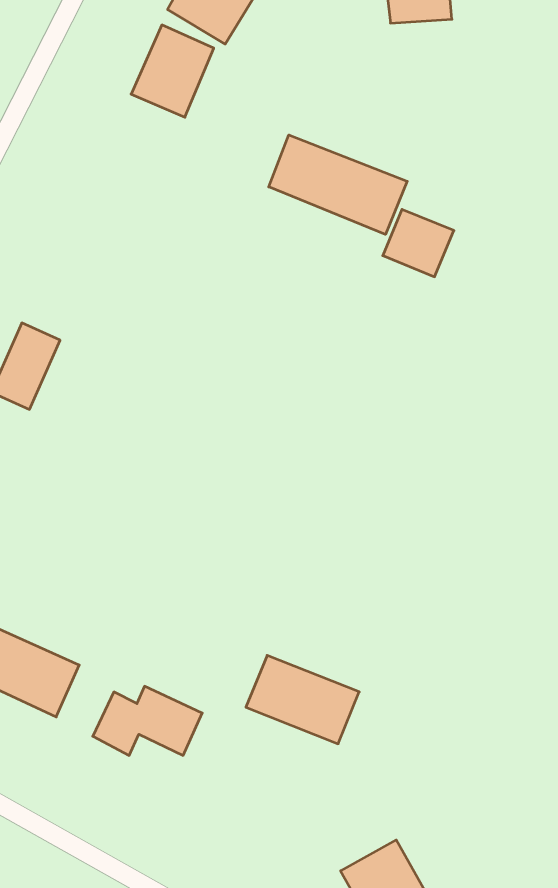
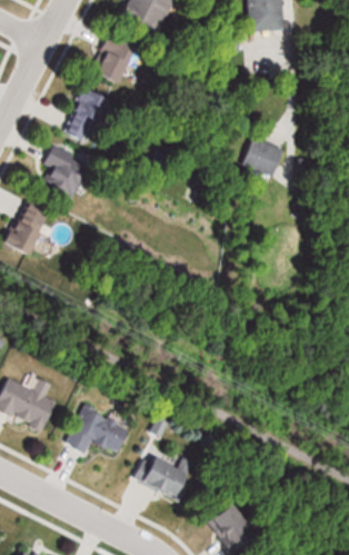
building: none -> [61,90,104,143]
building: [269,135,407,234] -> none
building: none -> [42,146,89,195]
building: [246,655,359,744] -> [129,450,195,502]

